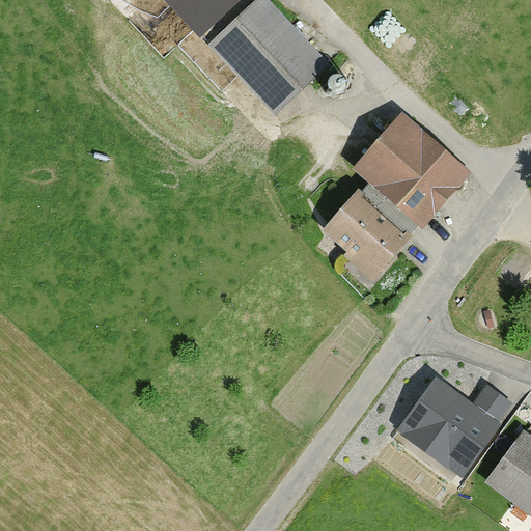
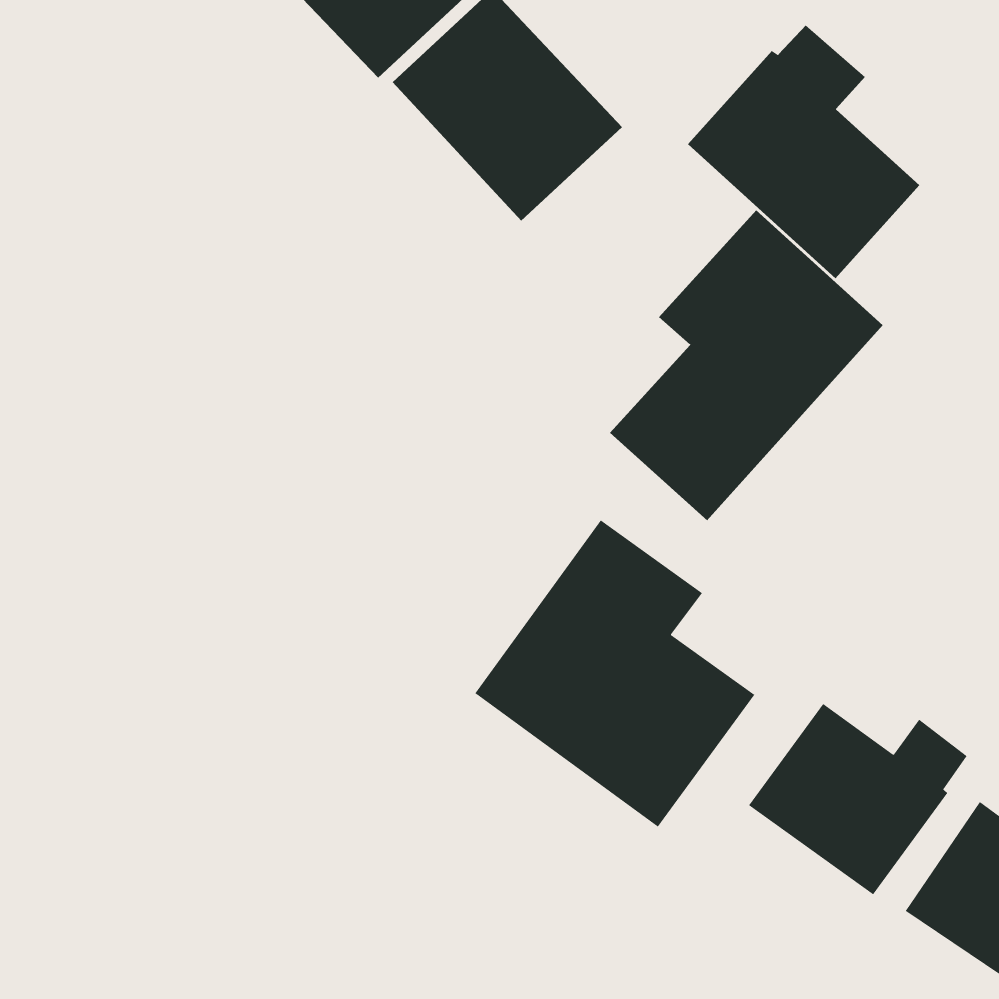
building: none -> [687,24,920,279]
building: none -> [474,519,755,828]

